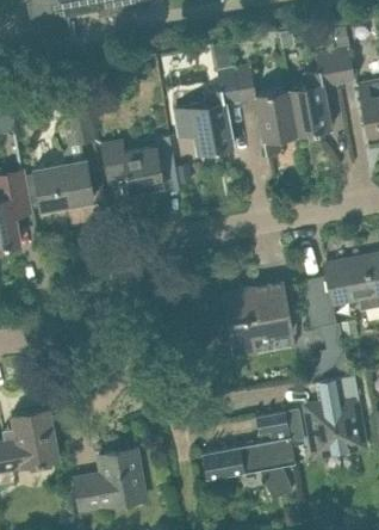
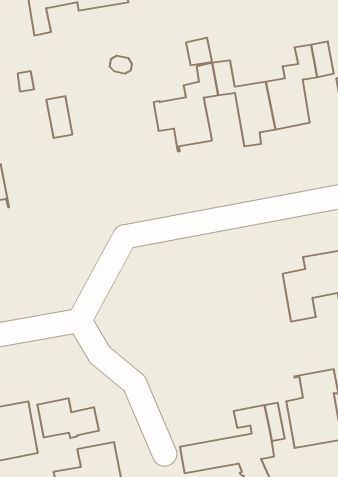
building: [101,136,179,192] -> none
building: [33,160,93,210] -> none
building: [220,282,292,357] -> none
building: none -> [37,398,99,438]

